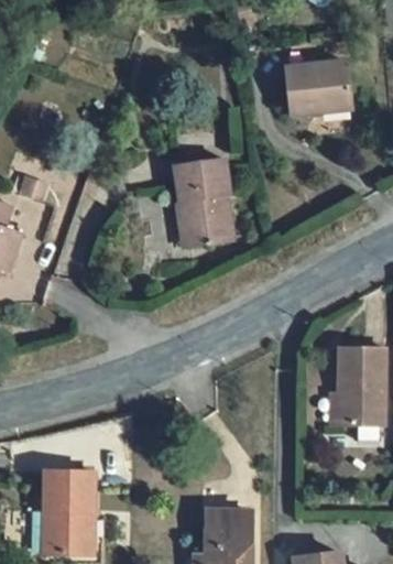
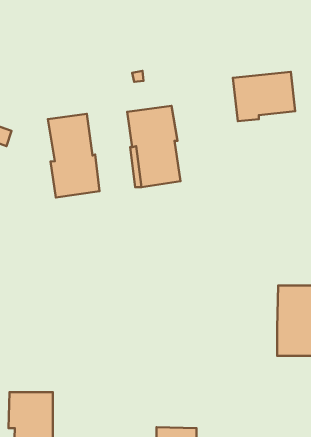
building: [283,59,351,113] -> [233,72,295,121]
building: none -> [48,114,99,198]

